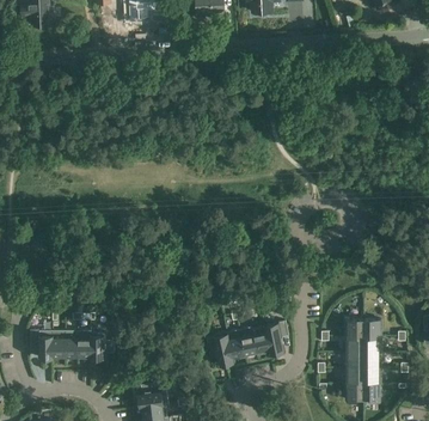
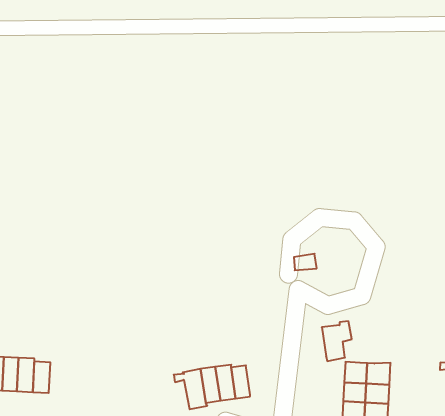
building: [262,321,287,354] -> [322,321,352,361]

